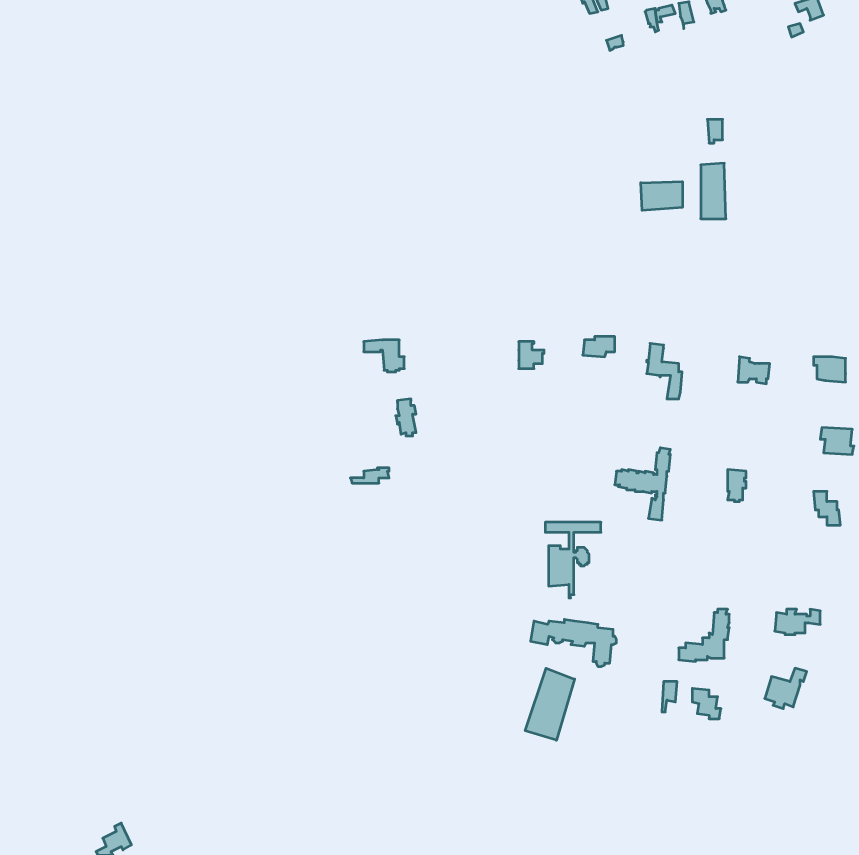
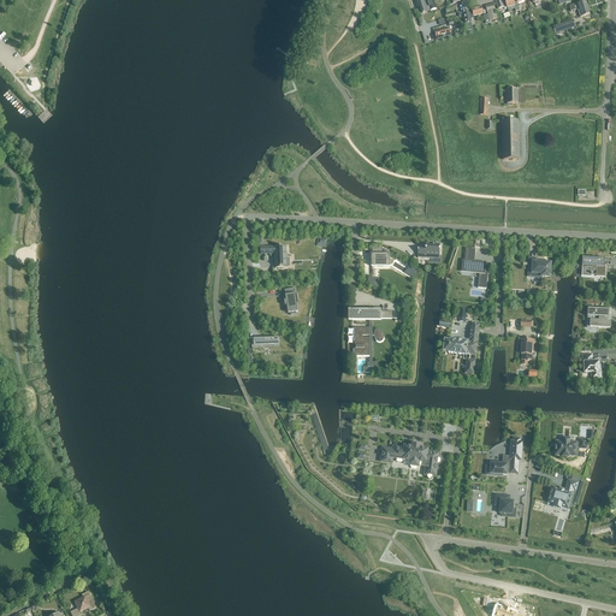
building: [641,182,682,210] -> none
building: [545,522,601,598] -> [351,308,391,362]
building: [525,668,575,740] -> none

